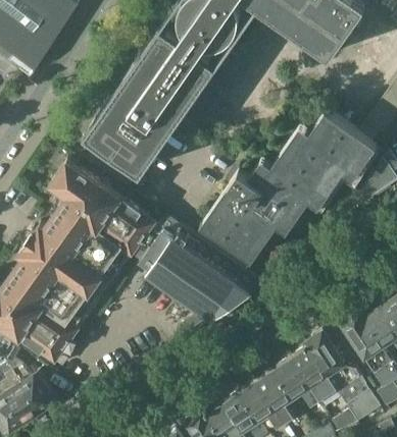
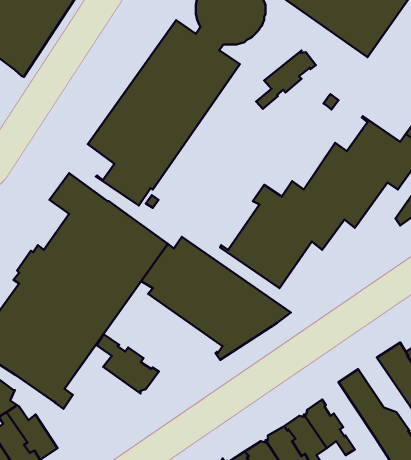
building: none -> [256,50,316,109]
building: none -> [96,334,159,393]
building: [290,342,336,401] -> none

